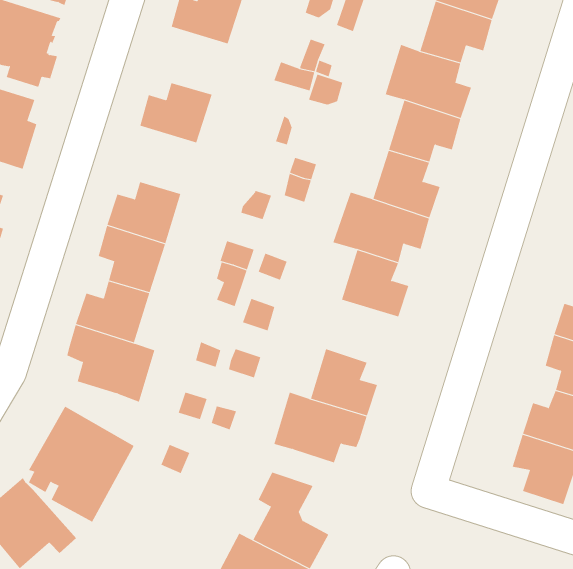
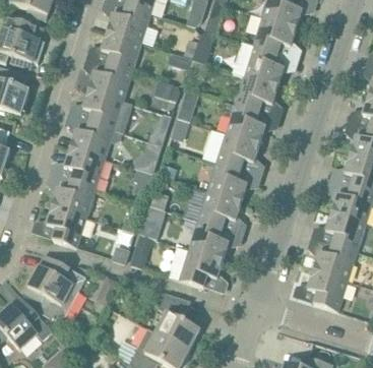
building: none -> [102,32,141,71]
building: none -> [83,89,133,132]
building: none -> [198,191,241,228]

